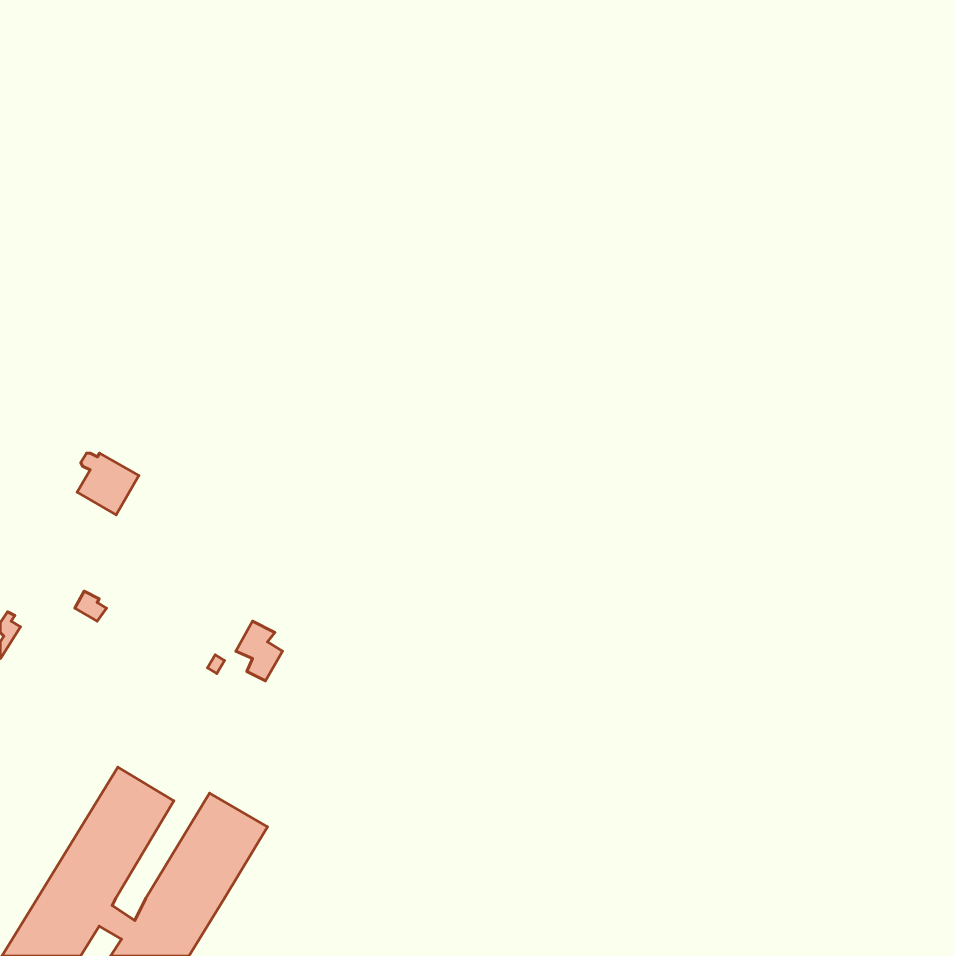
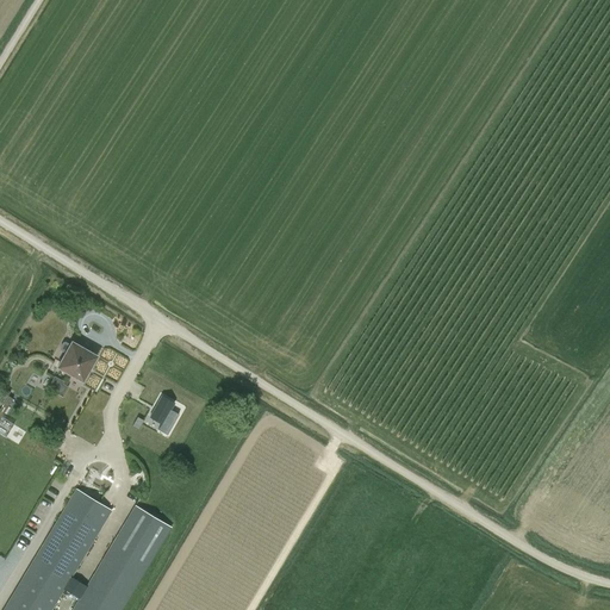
building: [77,453,139,515] -> [58,342,98,381]

